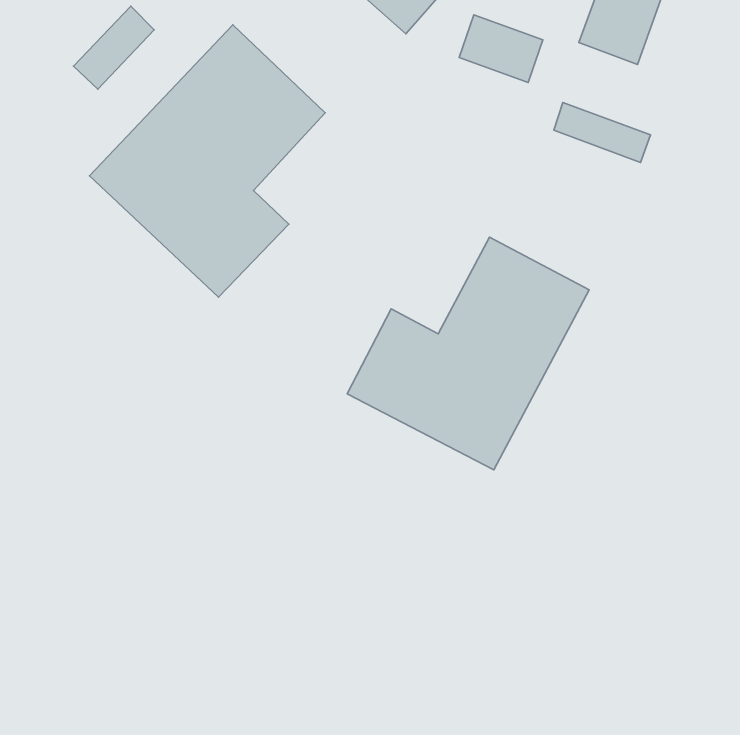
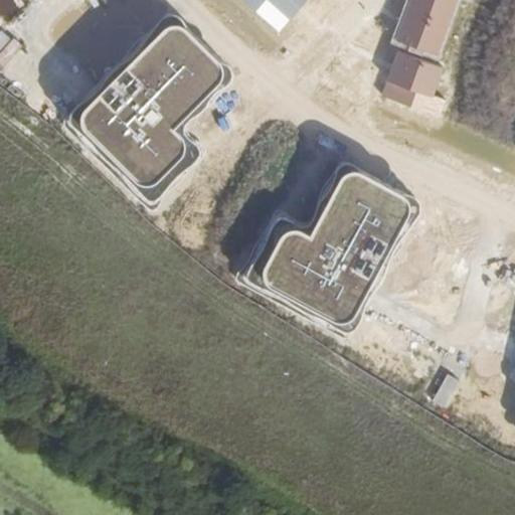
building: [74,6,154,89] -> none
building: [459,15,543,82] -> [392,40,450,87]

